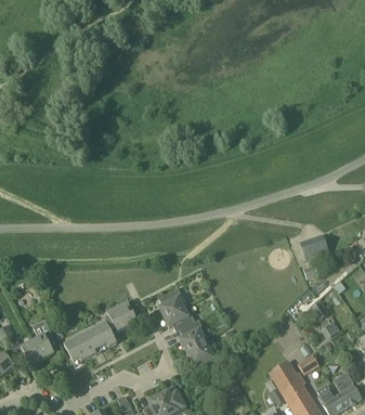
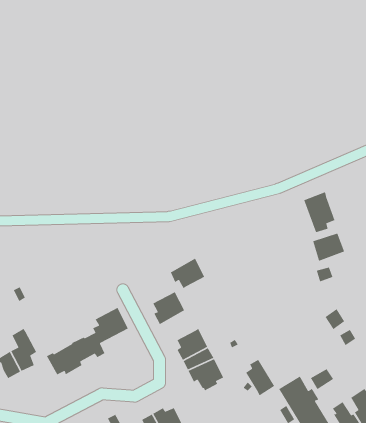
building: none -> [303,191,335,233]
building: [164,303,195,332] -> [170,258,205,289]
building: none -> [245,359,275,396]

